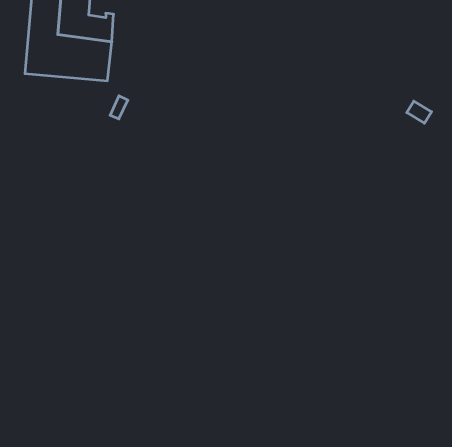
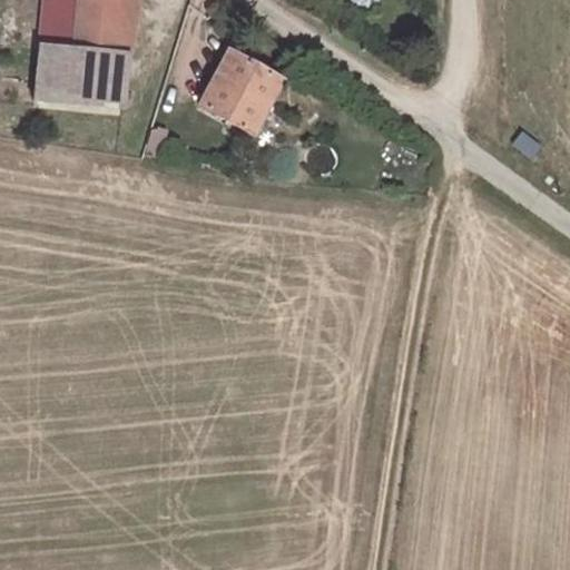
building: none -> [199,57,279,132]

